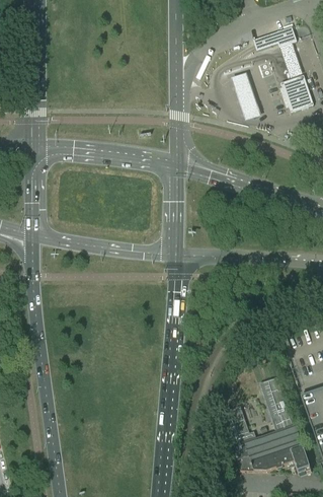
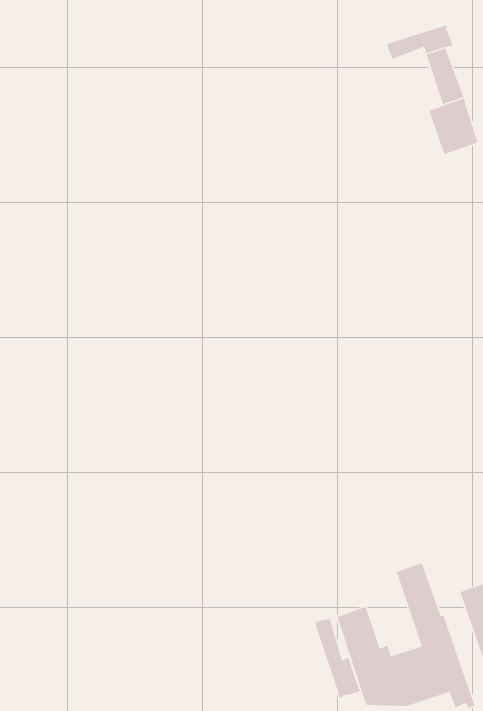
building: [231,73,260,122] -> none
building: none -> [315,617,361,698]

